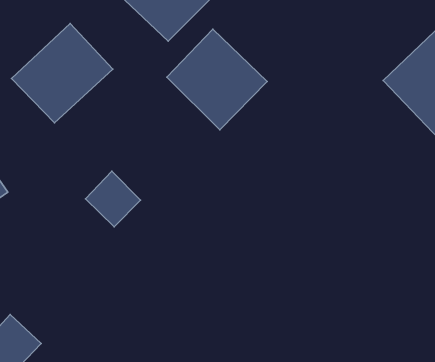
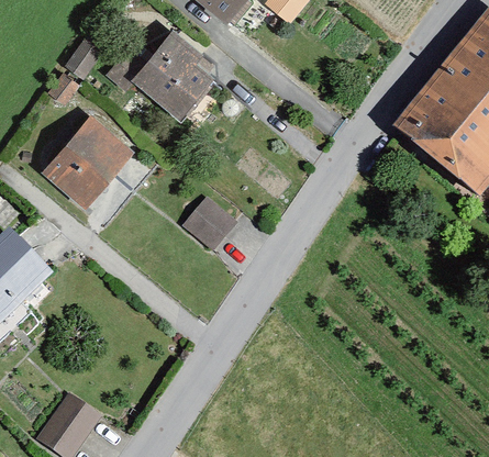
building: [167,29,267,130] -> none
building: [85,171,140,227] -> [184,197,236,249]

